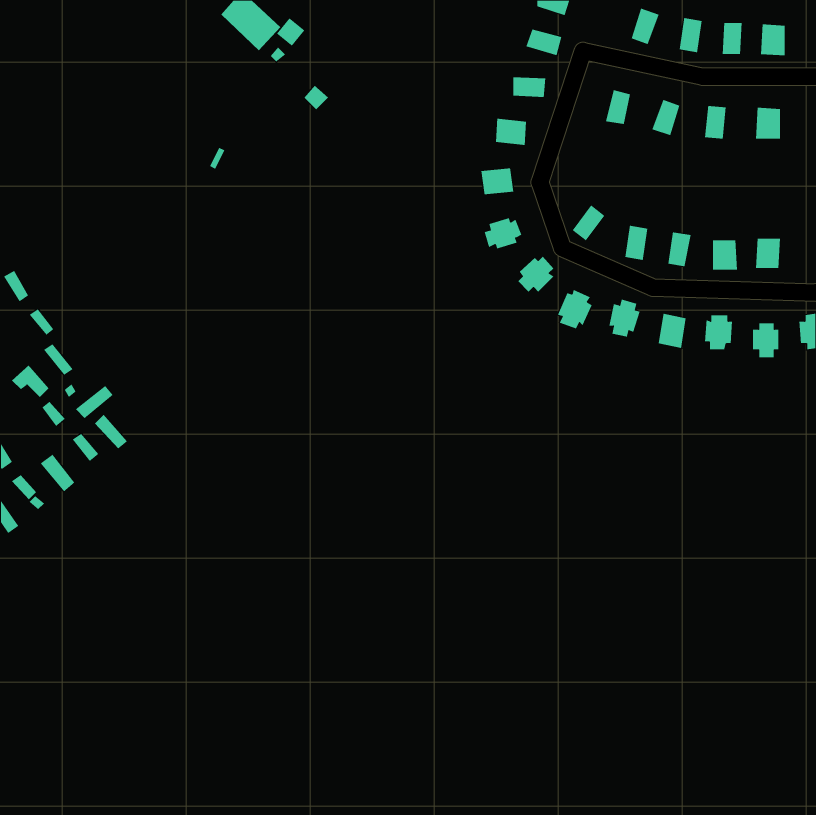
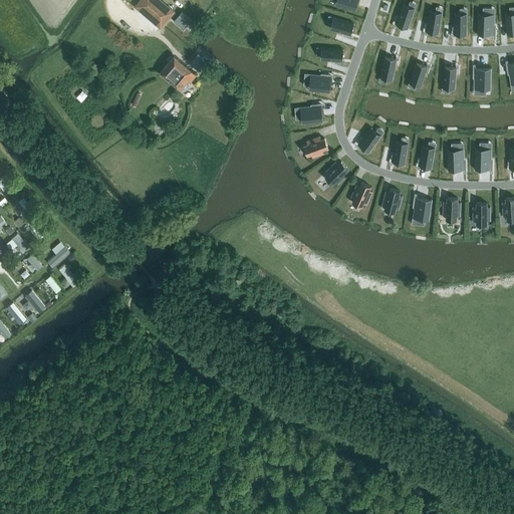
building: none -> [160,57,196,91]

